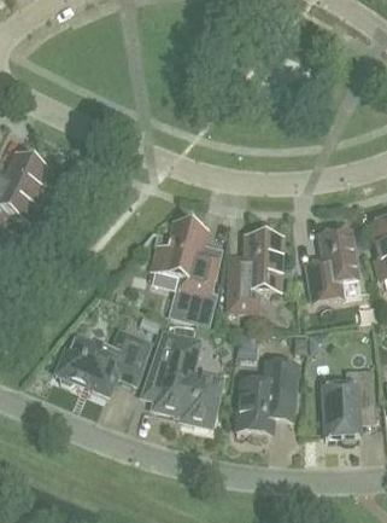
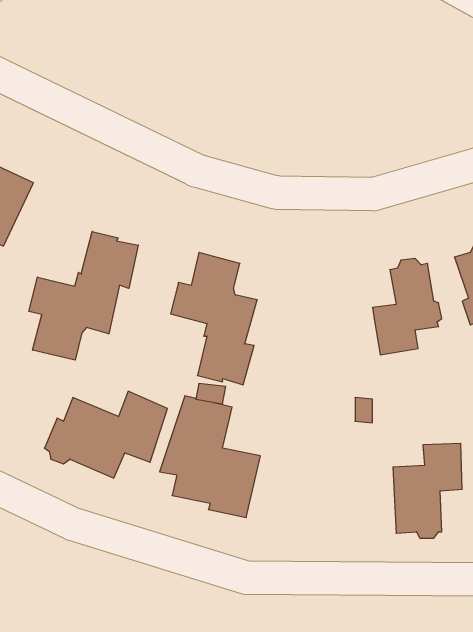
building: none -> [29,231,138,360]
building: [228,236,281,309] -> none
building: [236,360,297,437] -> none

